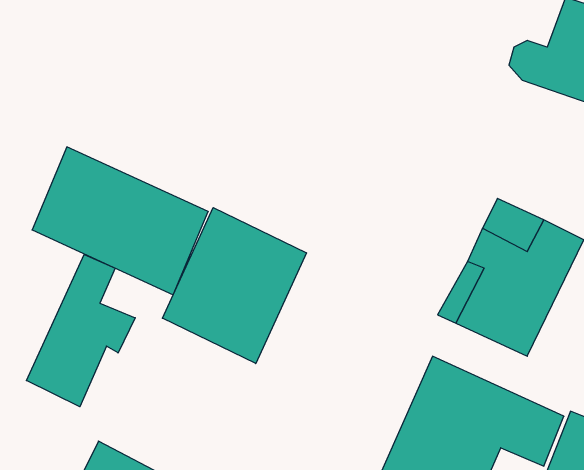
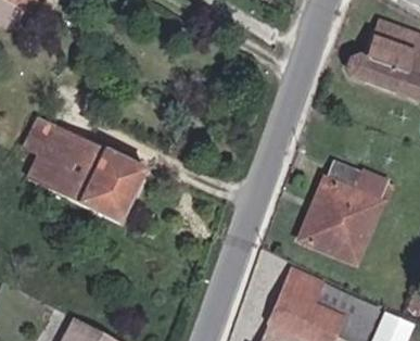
building: [162,208,306,364] -> none
building: [26,255,135,407] -> none

